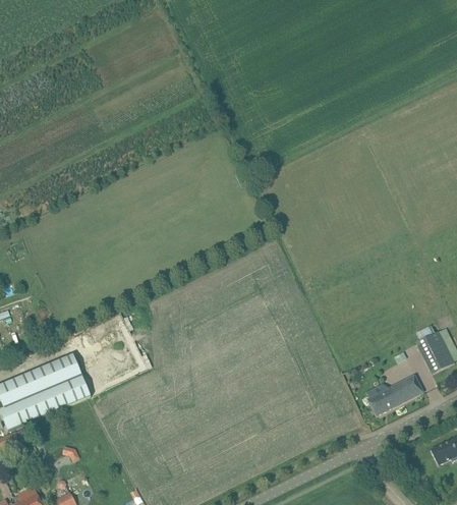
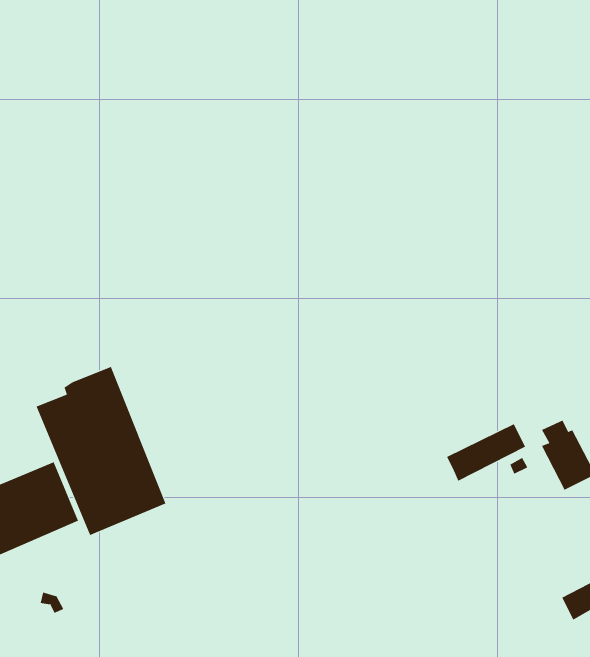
building: none -> [36,366,166,536]
building: [367,375,423,415] -> [446,424,526,481]

